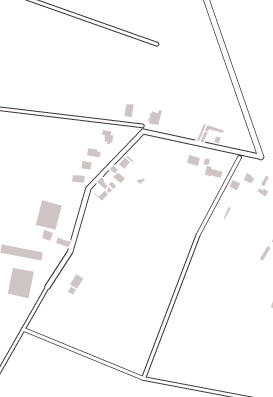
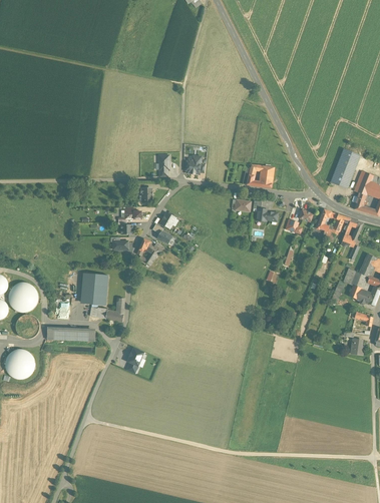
building: [7,267,34,299] -> none

